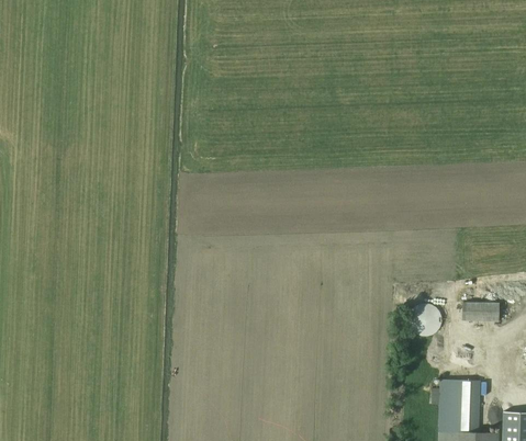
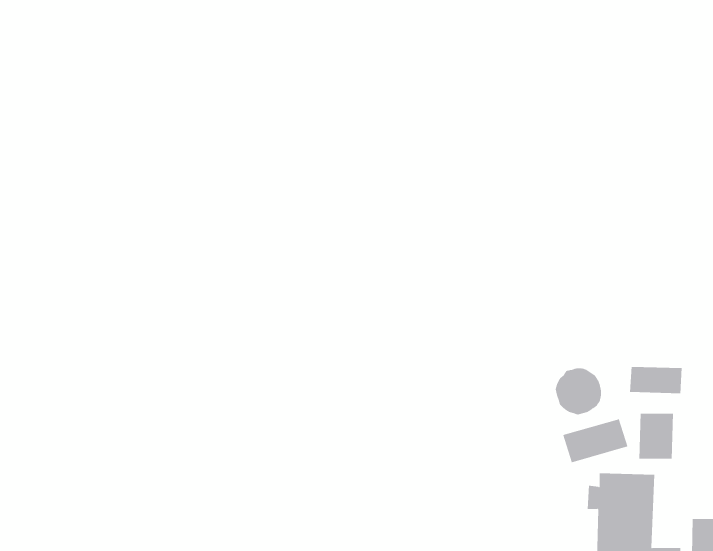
building: none -> [639,413,673,460]
building: none -> [563,418,628,463]

